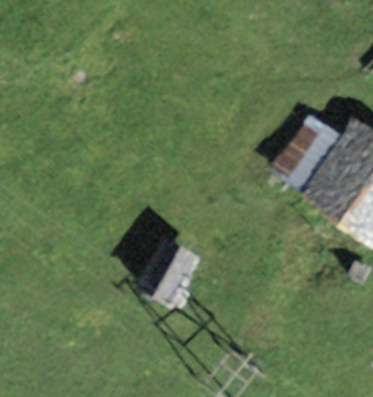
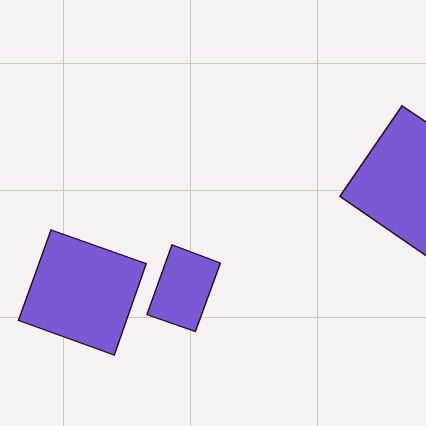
building: none -> [18,230,146,355]

